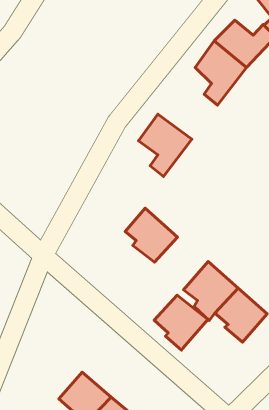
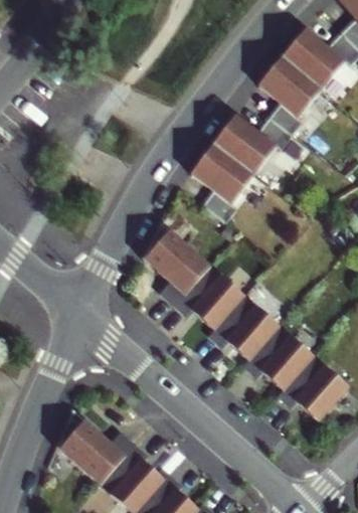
building: none -> [215,116,288,172]
building: none -> [138,225,200,289]
building: [154,295,208,350] -> [211,291,277,357]
building: none -> [55,412,124,486]

